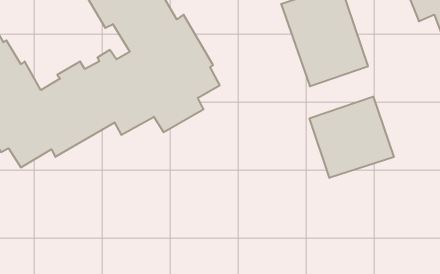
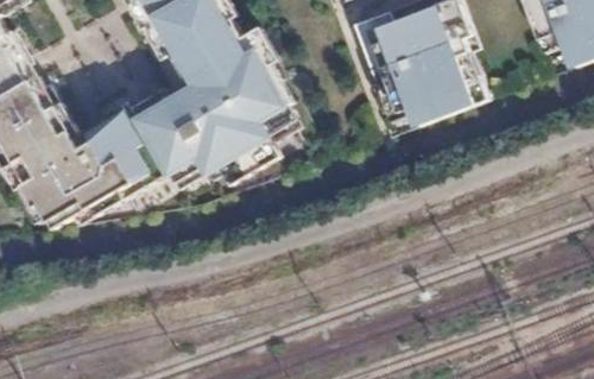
building: [310,97,394,178] -> none

